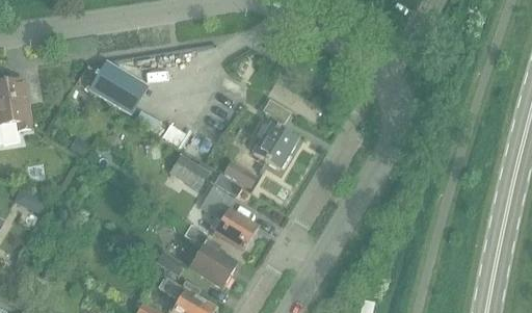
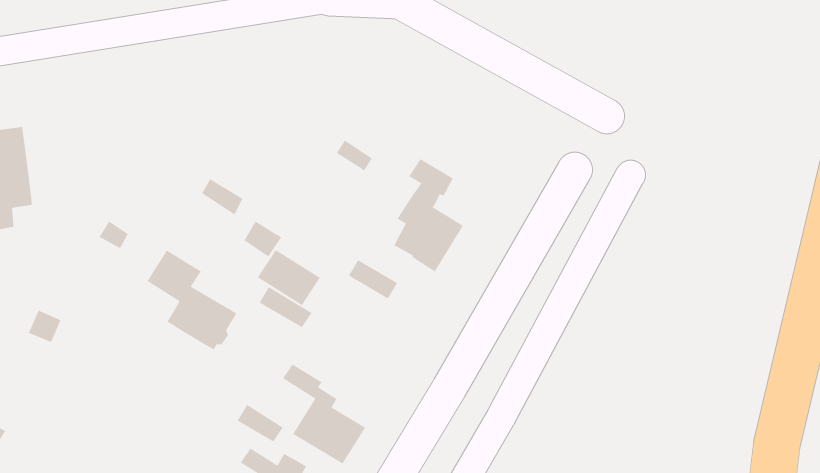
building: [87,59,148,113] -> none
building: [201,186,257,249] -> [146,249,237,350]

